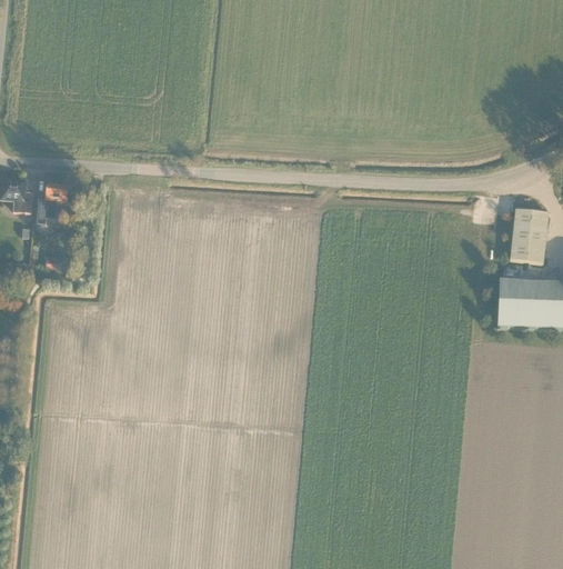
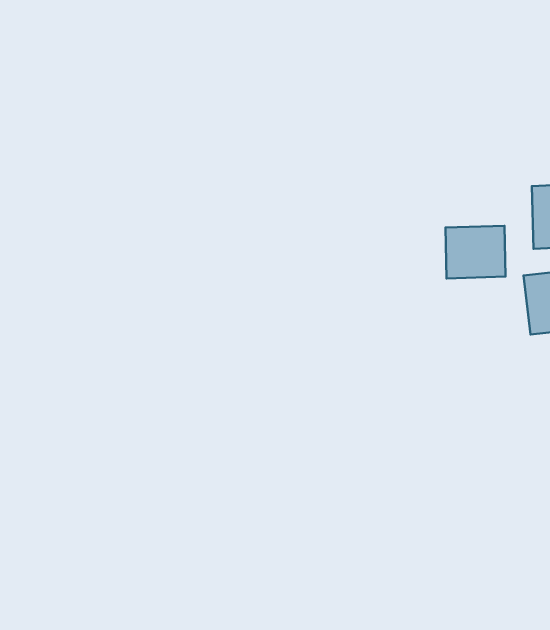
building: none -> [446,226,506,278]

